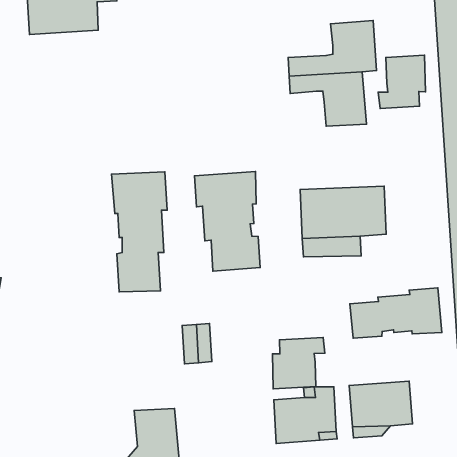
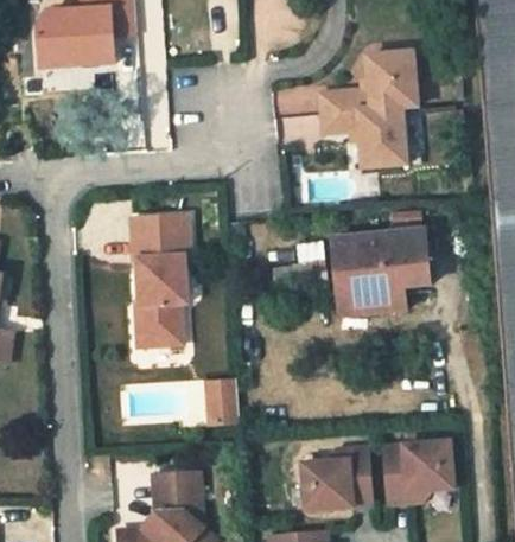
building: [378,55,426,109] -> none
building: [195,172,260,271] -> none
building: [350,288,442,338] -> none
building: [272,338,325,389] -> none

